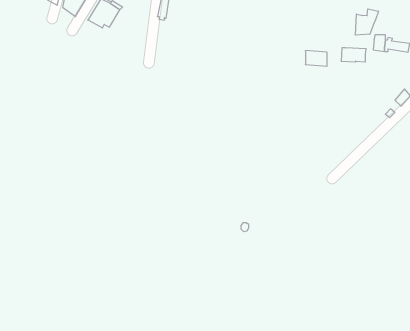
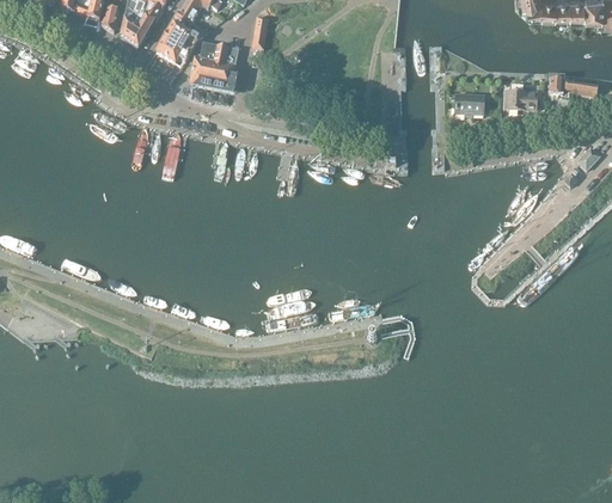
building: [356,9,378,35] -> none
building: none -> [189,42,238,90]

